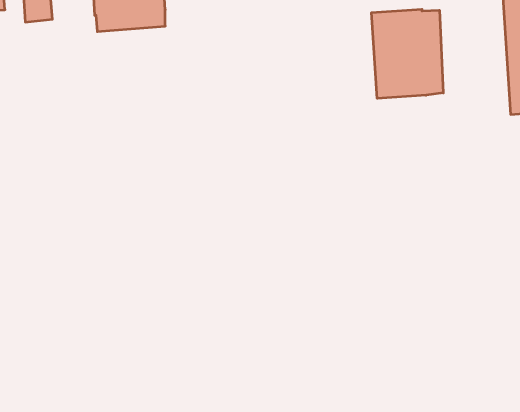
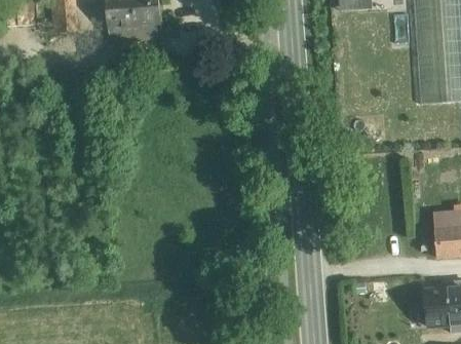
building: [372,9,443,98] -> none

